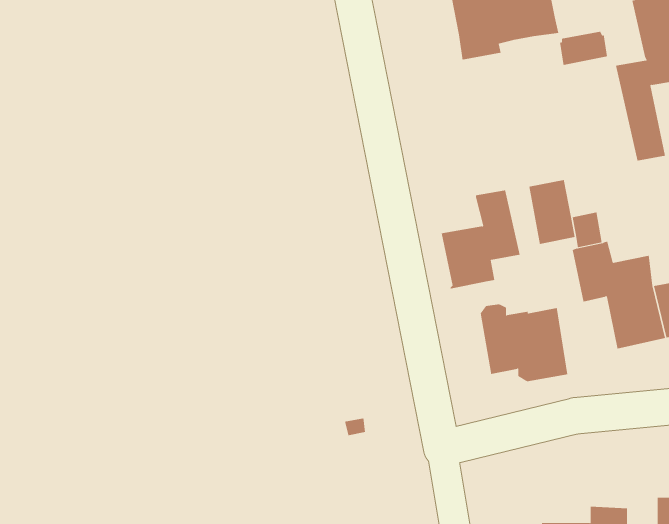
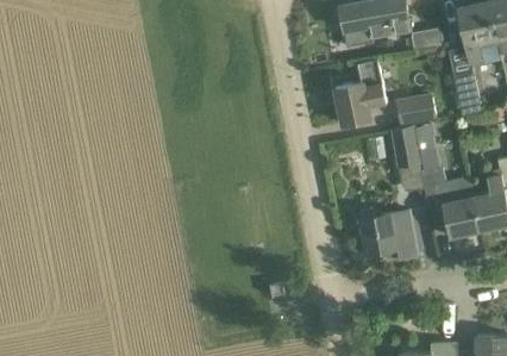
building: none -> [395,93,437,126]
building: [441,190,520,289] -> [334,60,387,125]

